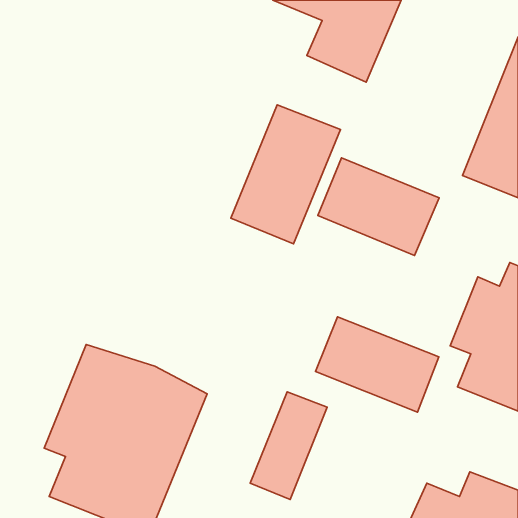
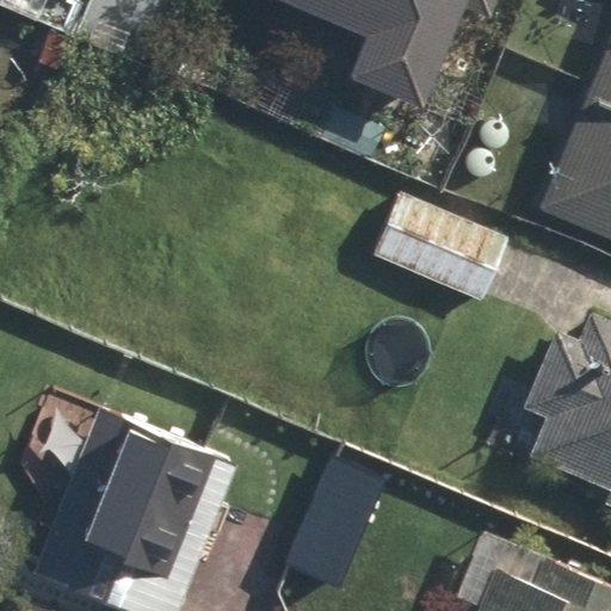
building: [231,105,340,244] -> none
building: [316,317,439,412] -> none

